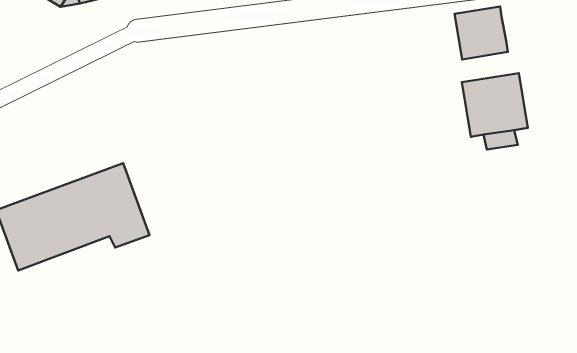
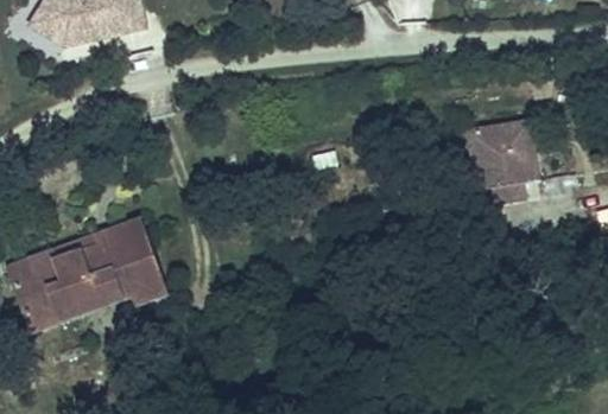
building: [454,6,508,60] -> none

